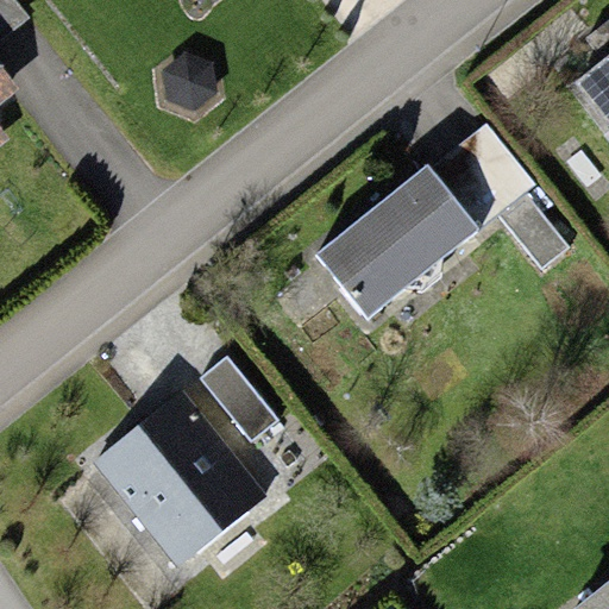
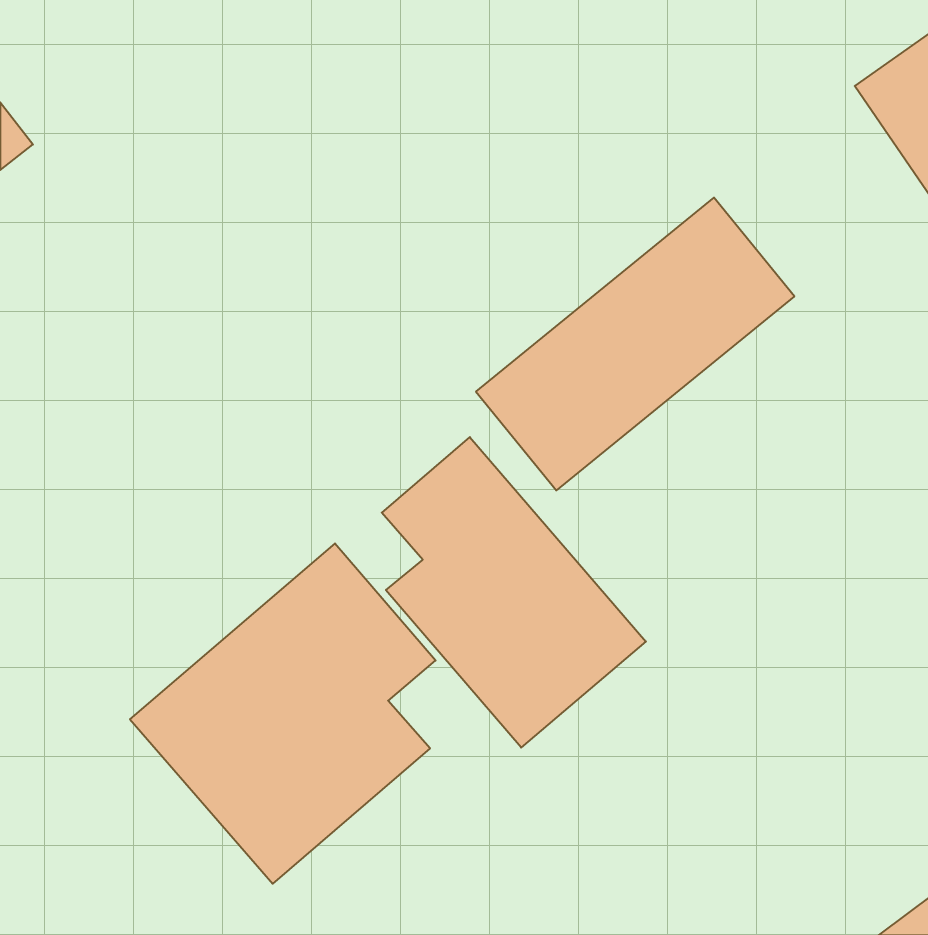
building: none -> [382,437,646,748]

